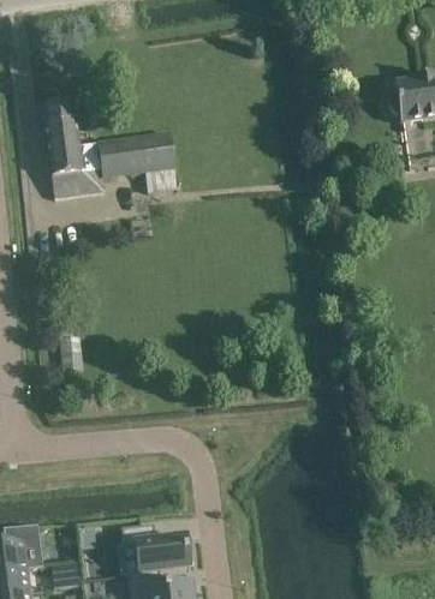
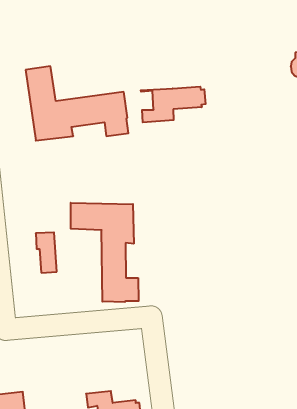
building: none -> [141,87,206,122]
building: none -> [71,203,139,302]

